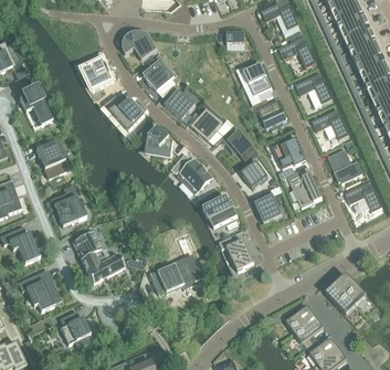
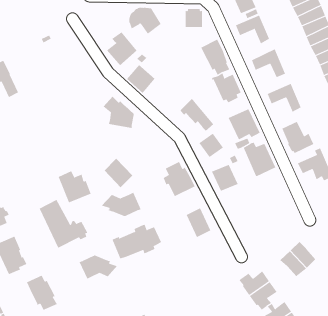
building: [120,30,155,59] -> [128,7,161,35]
building: [80,56,112,88] -> none
building: [102,93,144,128] -> none
building: [190,99,223,139] -> none
building: [34,138,66,176] -> none
building: [179,157,210,189] -> [104,158,133,188]
building: [49,190,84,224] -> [58,171,92,203]
building: none -> [101,192,142,217]
building: none -> [79,255,118,280]

